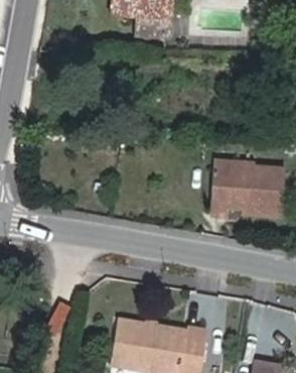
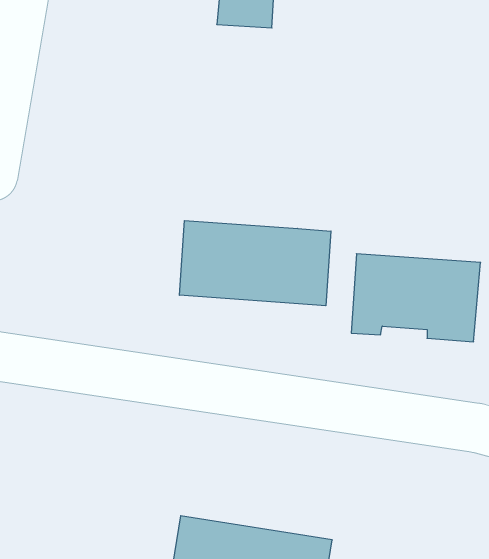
building: none -> [179,221,331,306]

